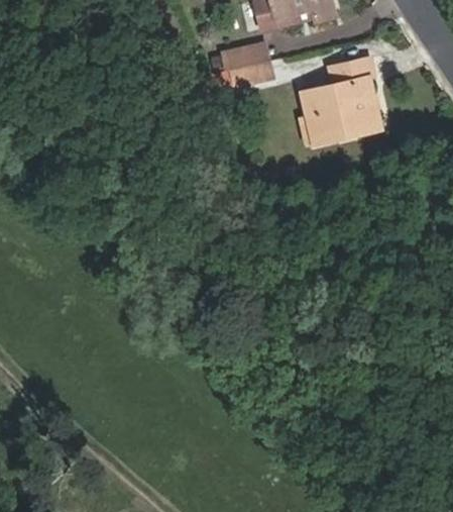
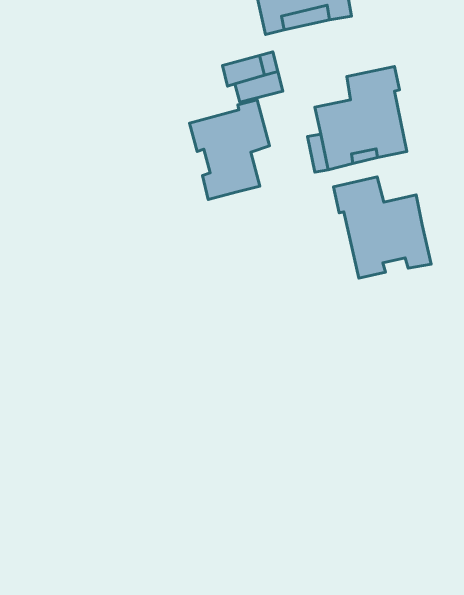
building: none -> [190,100,269,200]
building: none -> [334,177,431,278]

